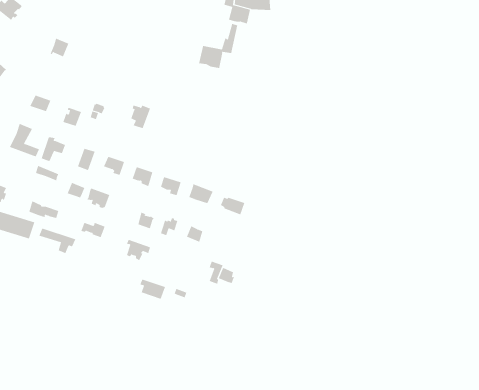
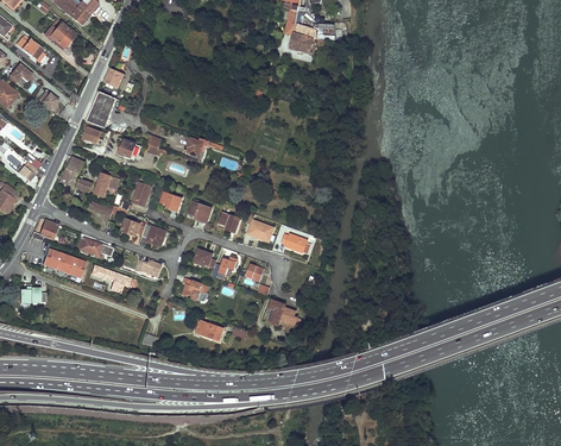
building: [198,23,238,69] -> none
building: none -> [87,92,116,128]

